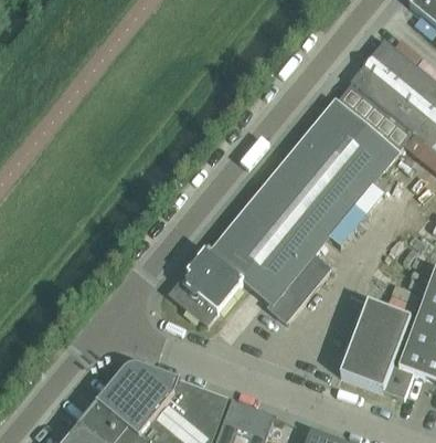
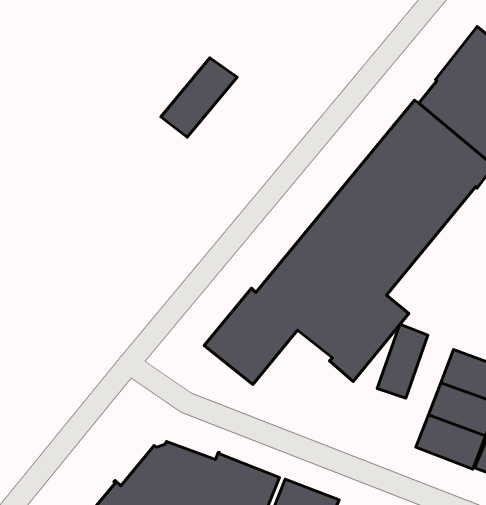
building: none -> [161,58,237,137]
building: none -> [377,324,428,398]

